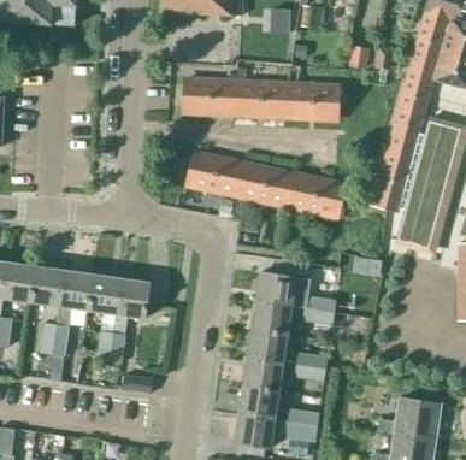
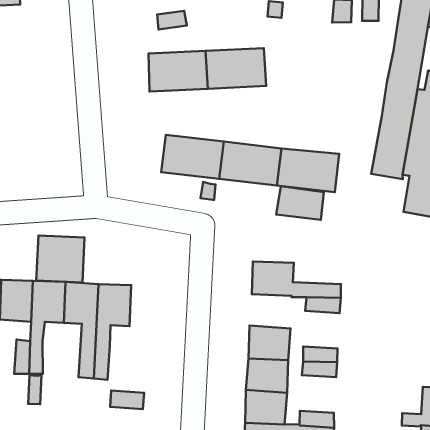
building: [287,83,340,119] -> none
building: none -> [276,186,324,220]
building: none -> [36,236,85,283]
building: [252,300,291,334] -> none

